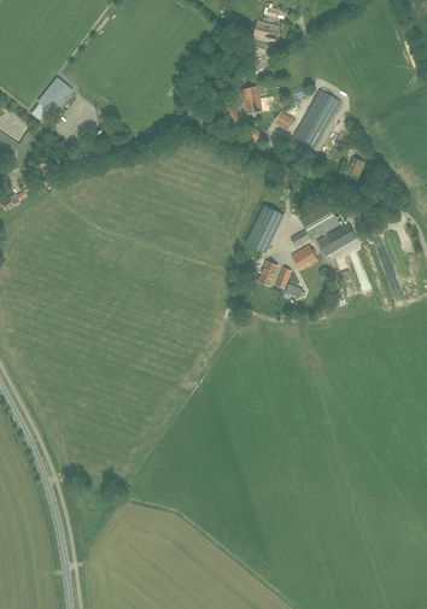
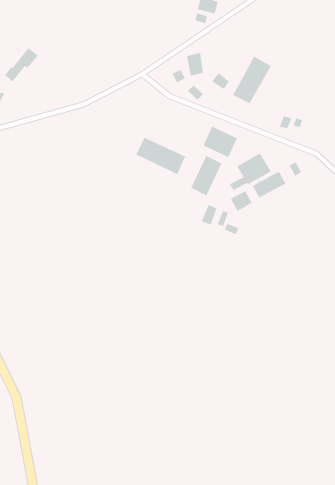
building: none -> [203,126,238,158]
building: none -> [135,137,186,175]

